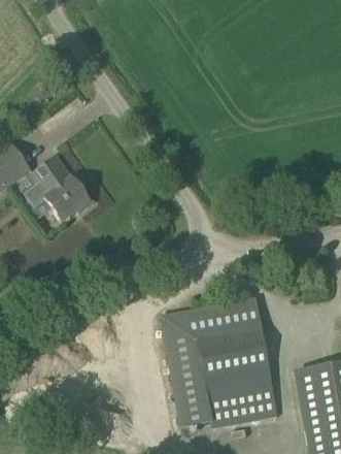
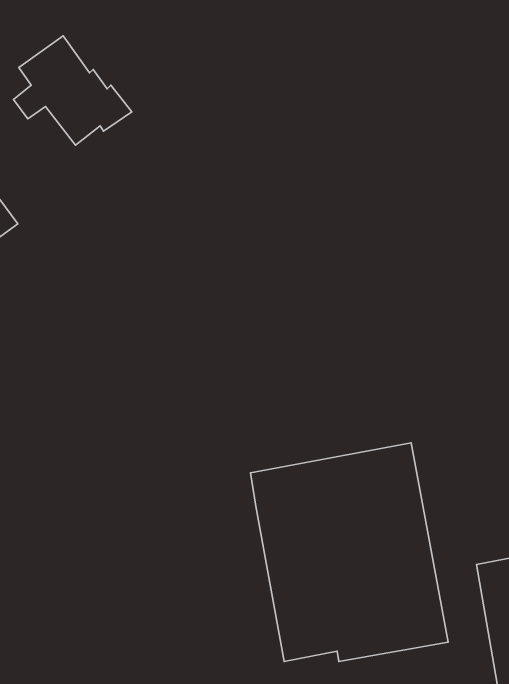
building: [25,156,94,220] -> [14,36,132,145]

